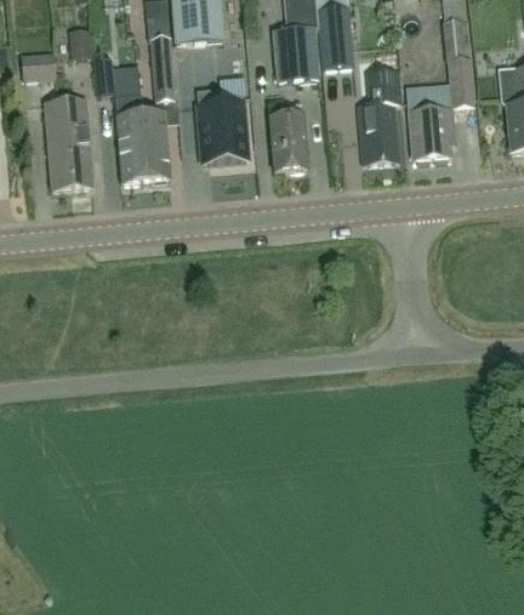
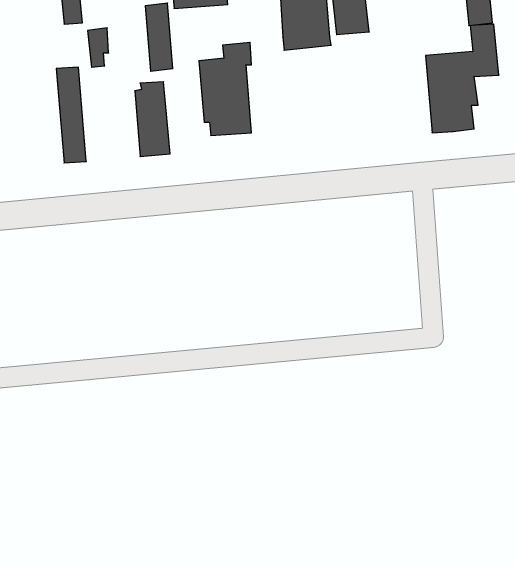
building: [21,50,56,79] -> none
building: [359,68,403,161] -> none
building: [115,95,144,182] -> none
building: [45,98,73,188] -> none
building: [269,99,308,169] -> none

